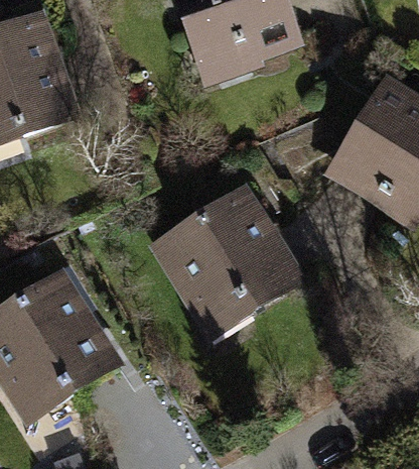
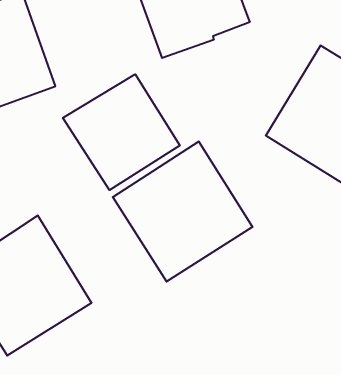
building: none -> [63,74,180,190]

